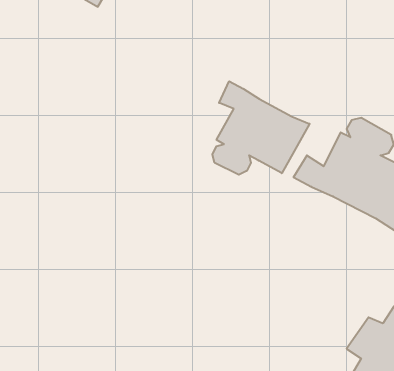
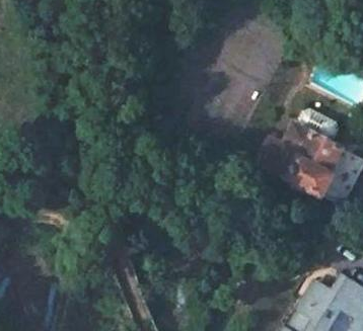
building: [212,81,310,175] -> none

